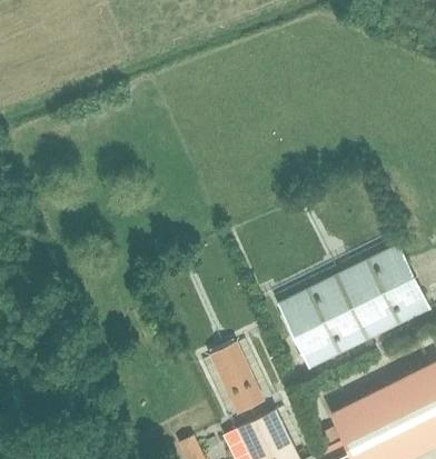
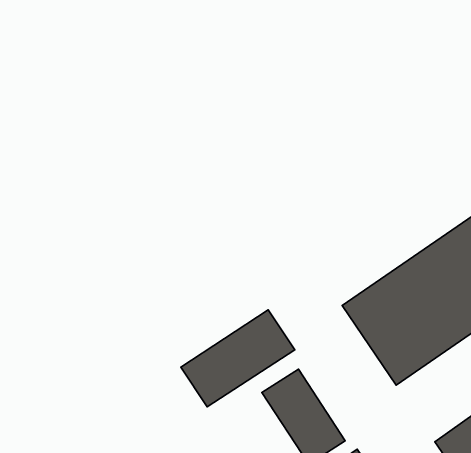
building: none -> [181,310,295,407]

